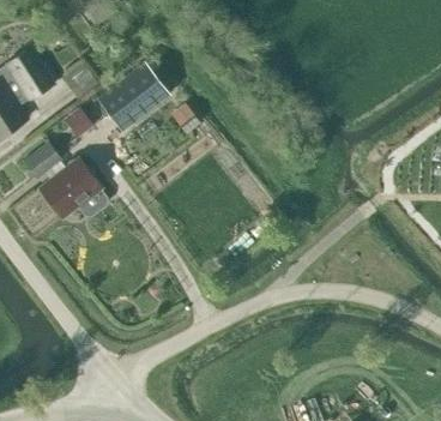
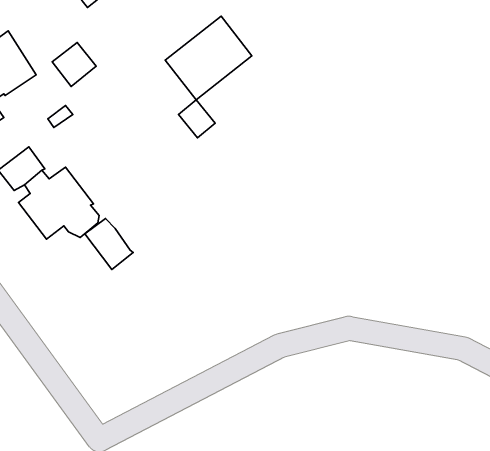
building: [98,64,169,132] -> [165,16,252,100]
building: none -> [85,218,133,269]

